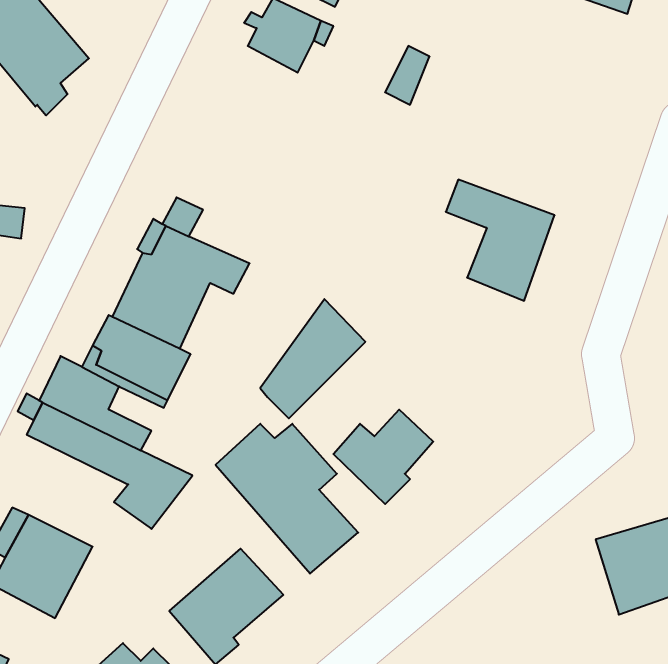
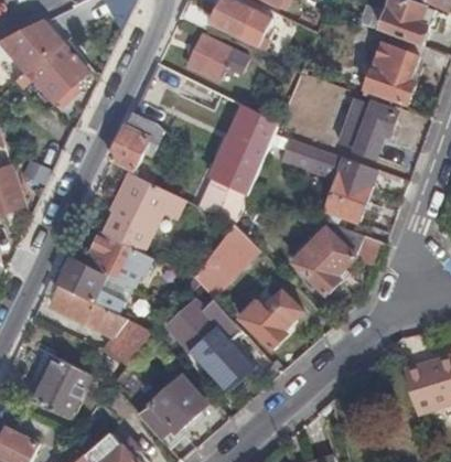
building: none -> [362,44,417,105]
building: none -> [336,98,396,157]
building: none -> [197,106,277,222]
building: none -> [108,112,161,169]
building: none -> [291,224,383,294]

